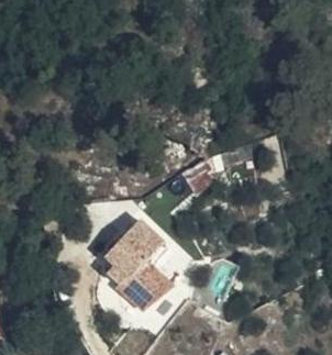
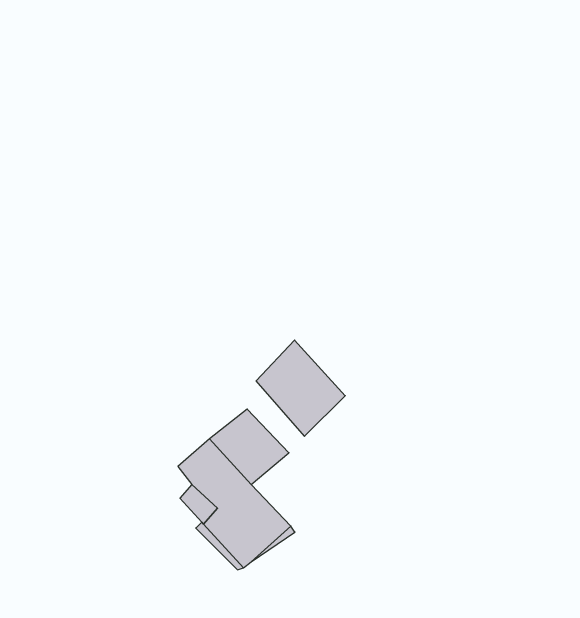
building: none -> [256,340,345,436]

